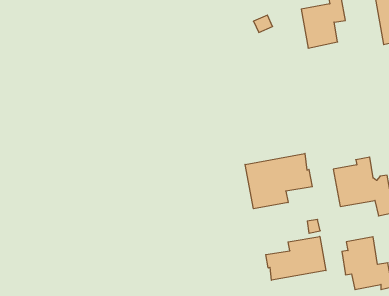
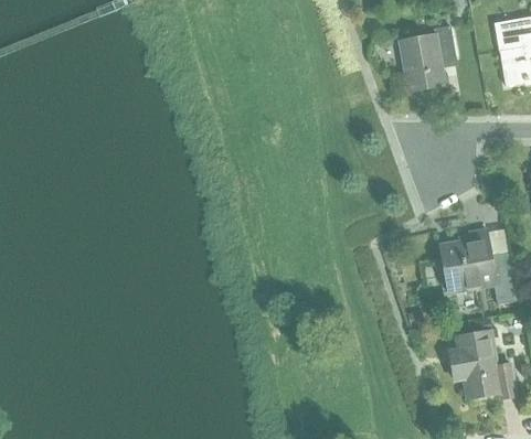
building: [245,153,312,209] -> none
building: [266,236,326,280] -> none

